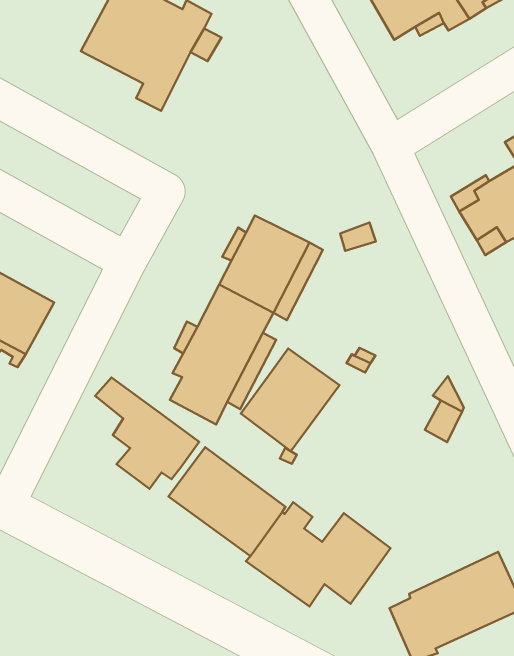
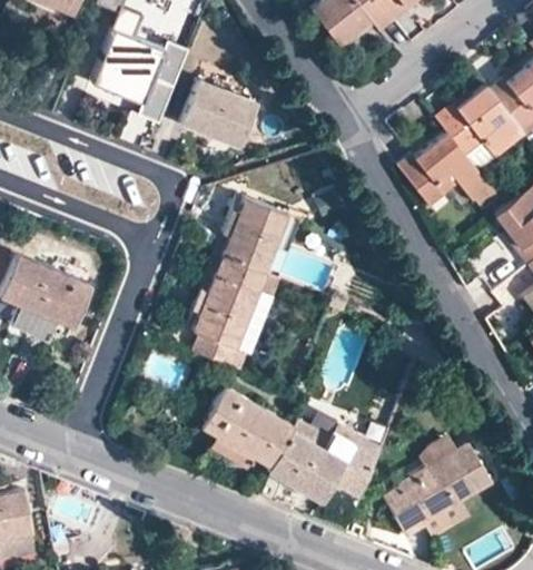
building: none -> [182,79,257,146]
building: [241,348,339,451] -> none
building: [95,377,199,489] -> none

